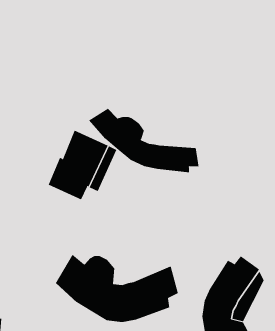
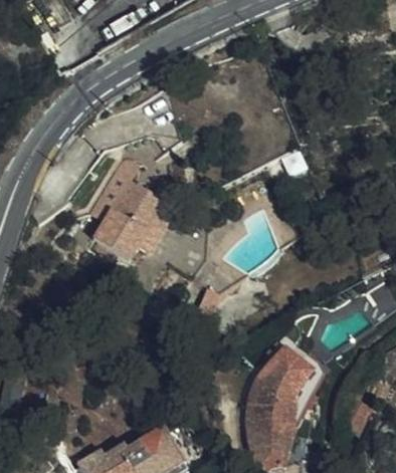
building: [88,108,199,173] -> none
building: [55,254,178,323] -> none

